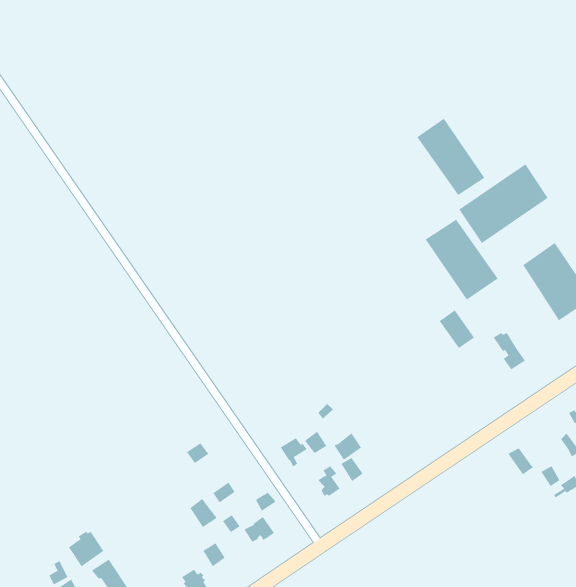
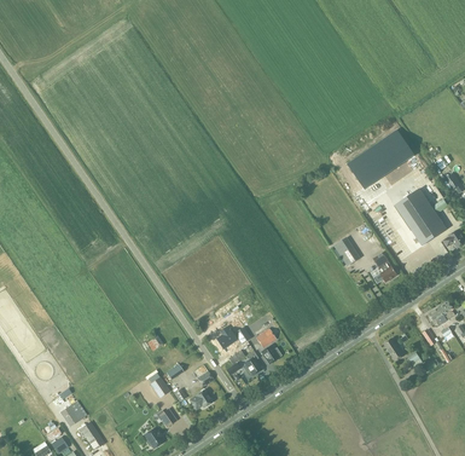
building: [417,118,485,196] -> none
building: [425,219,499,301] -> none

